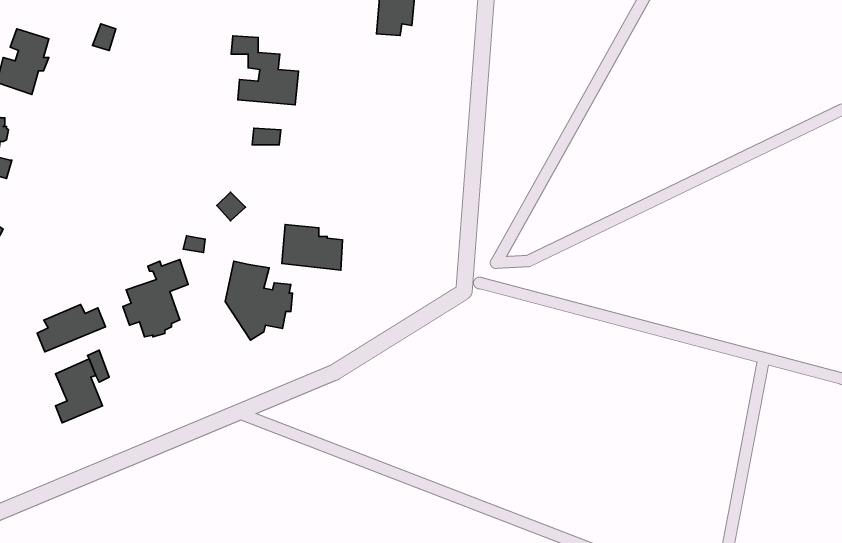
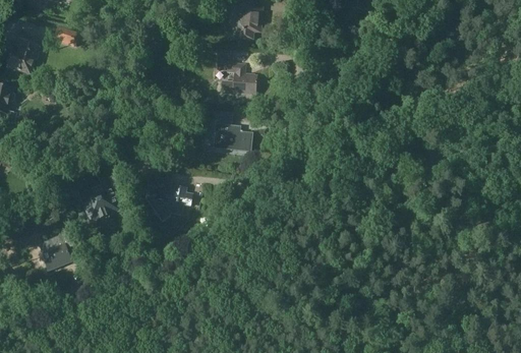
building: [231,36,298,105] -> [216,52,256,94]
building: [282,225,342,270] -> [214,123,250,151]
building: [37,304,105,352] -> none

